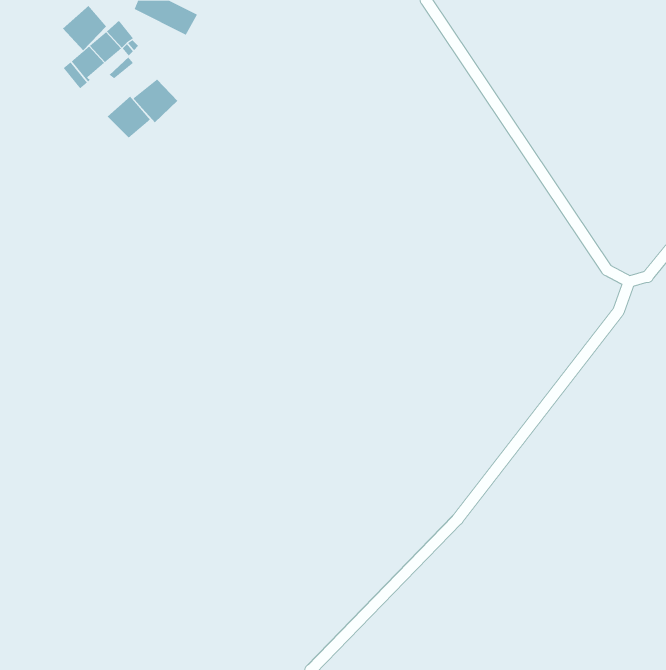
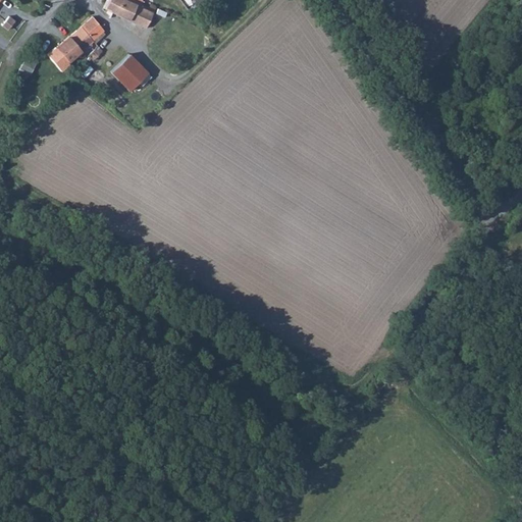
building: [62,5,107,51] -> none
building: [107,96,151,138] -> none

